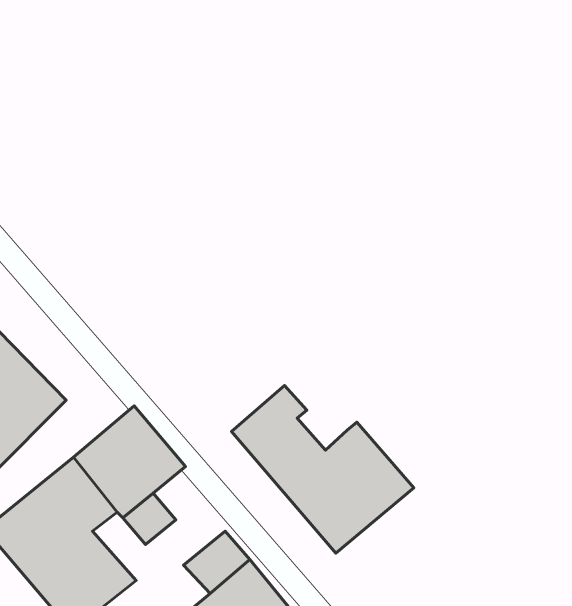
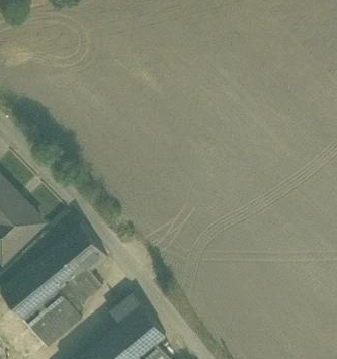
building: [232,385,414,553] -> none

